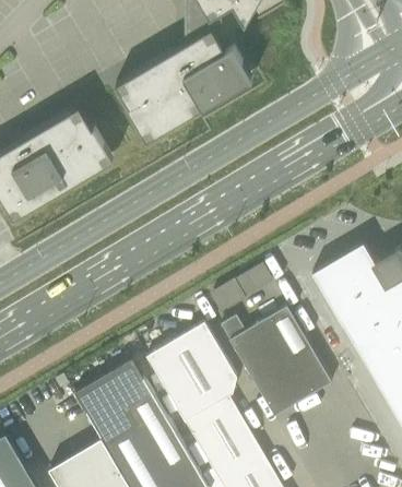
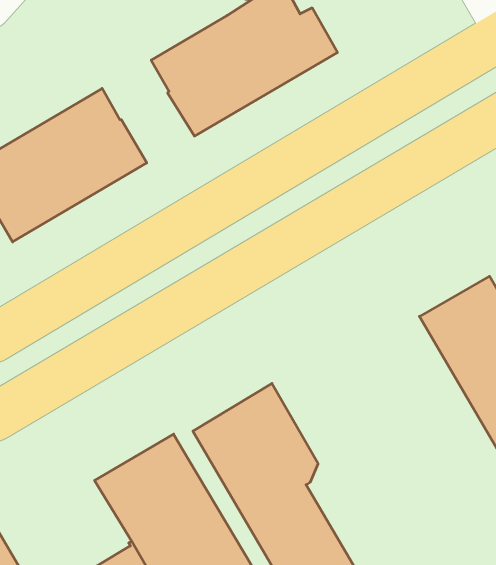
building: [221,307,332,417] -> none

